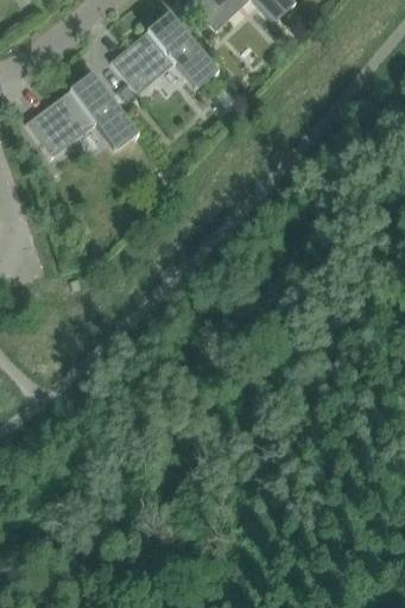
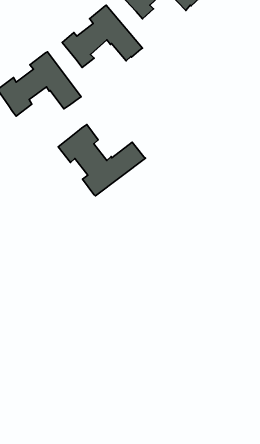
building: none -> [58,124,145,196]

